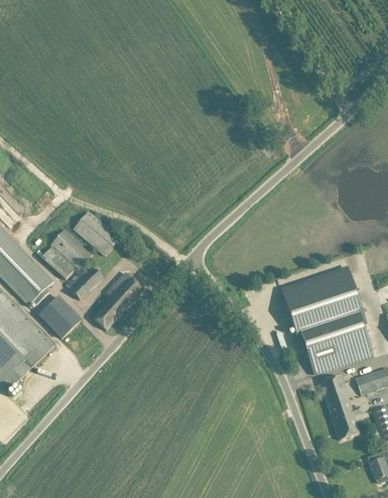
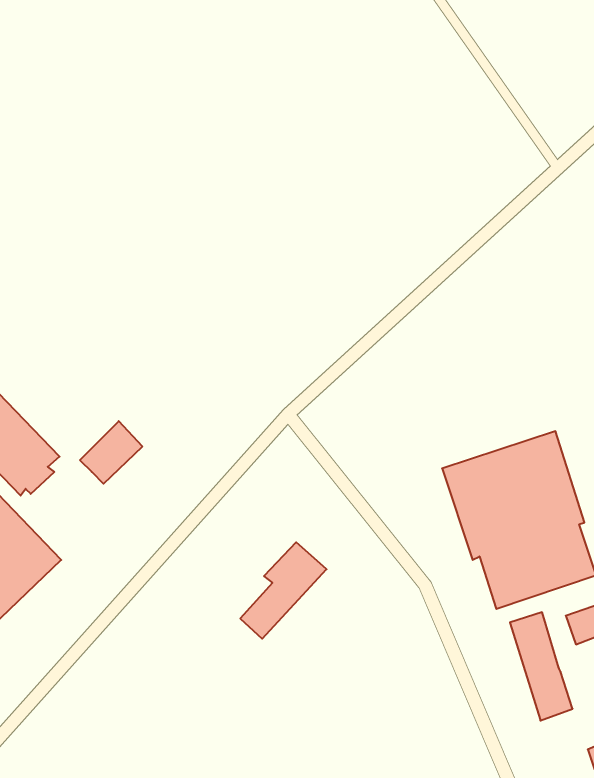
building: [73,211,120,255] -> none
building: [41,228,93,279] -> none
building: [93,272,144,330] -> [240,542,327,639]
building: [38,294,81,338] -> none

